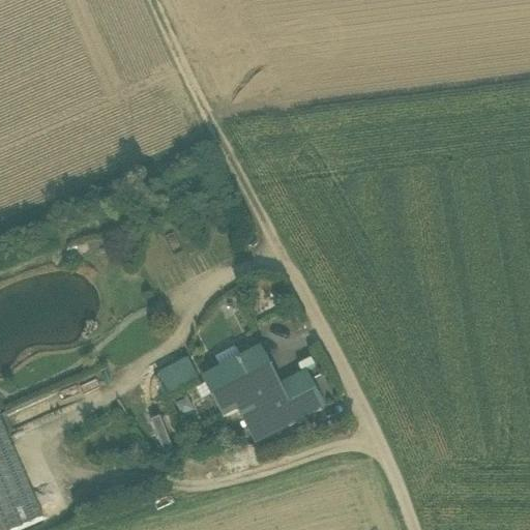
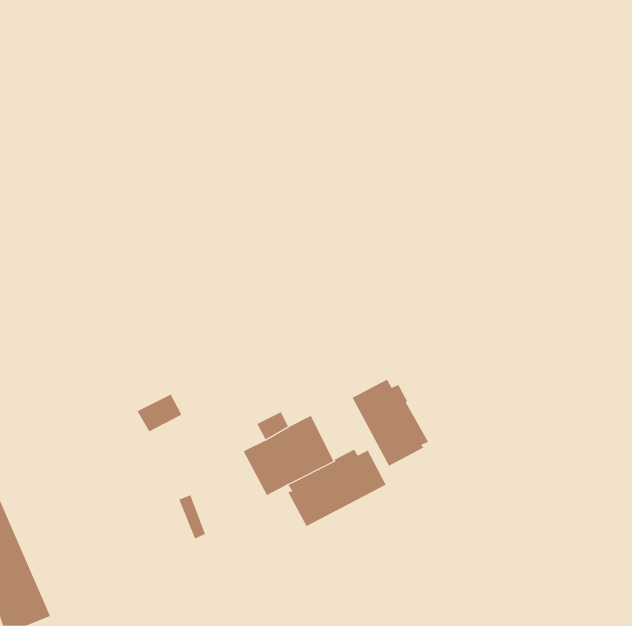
building: none -> [352,379,429,466]
building: [157,356,196,388] -> [136,394,182,432]

